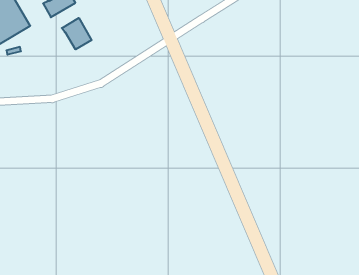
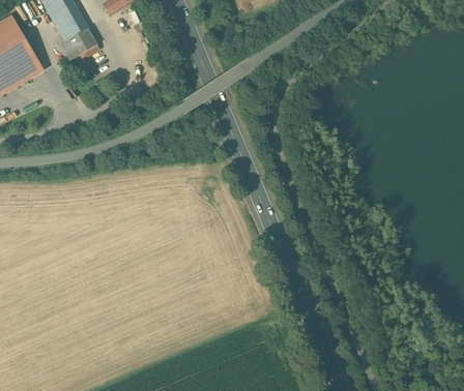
building: [62,18,92,49] -> none

